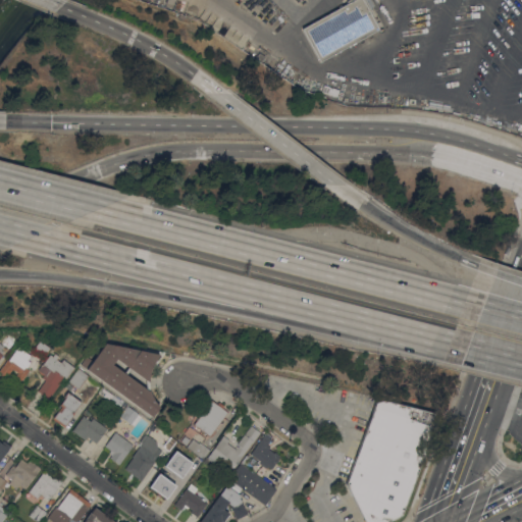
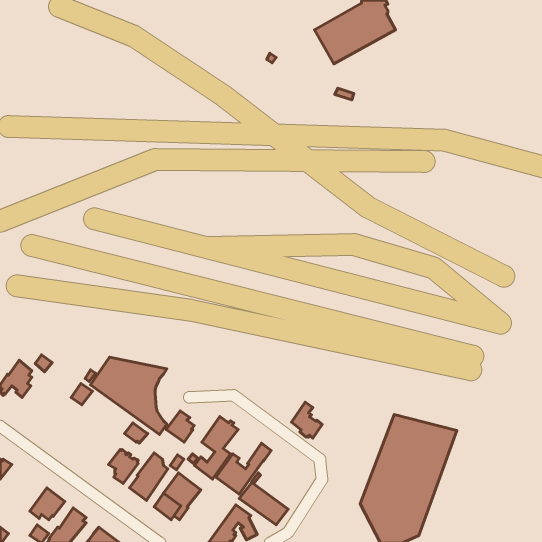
building: [39,354,75,400] -> none
building: [54,393,83,428] -> none
building: none -> [166,411,194,442]
building: [73,417,108,445] -> none
building: [252,435,281,470] -> [291,402,322,438]
building: [6,459,42,488] -> none
building: [172,483,208,517] -> none

